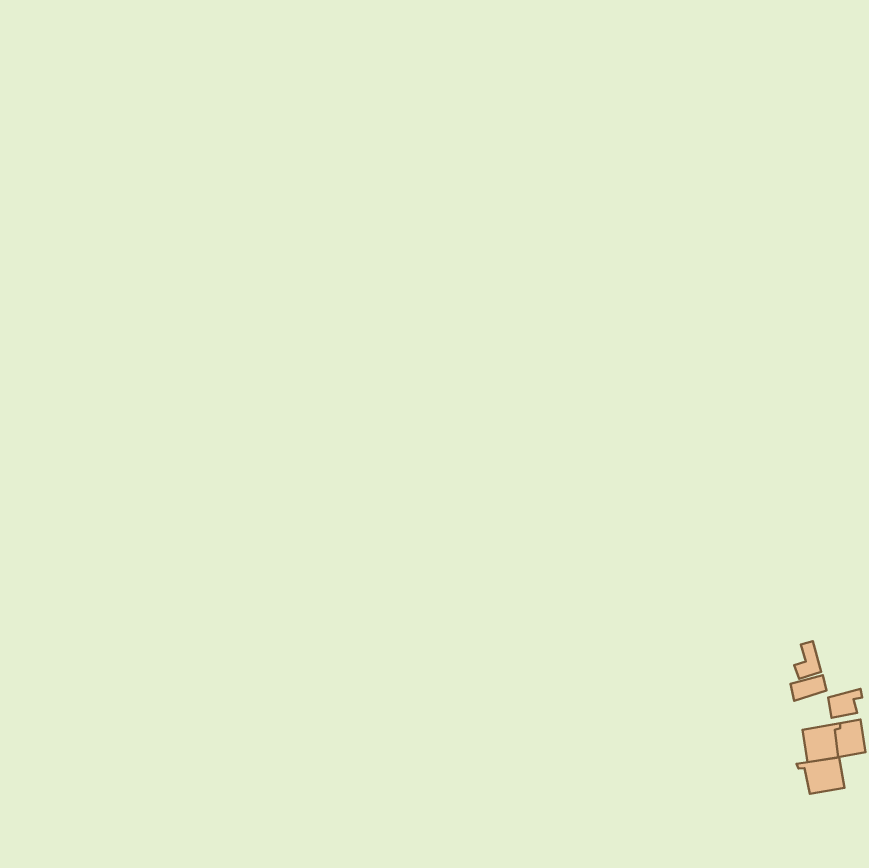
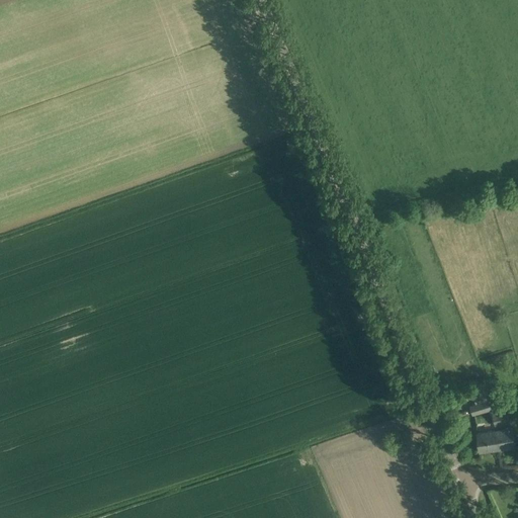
building: [797,757,844,794] -> none

